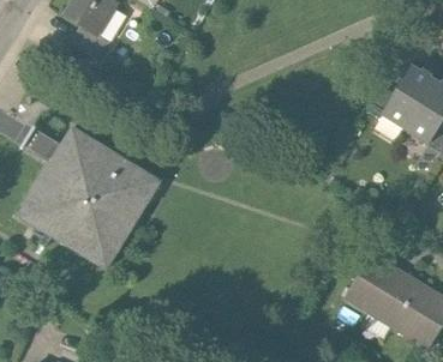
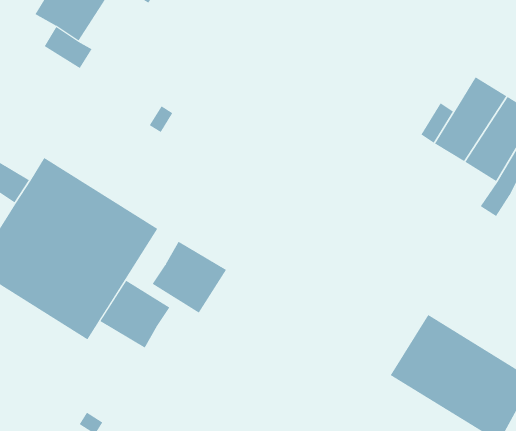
building: none -> [152,241,227,314]
building: none -> [100,280,170,349]

